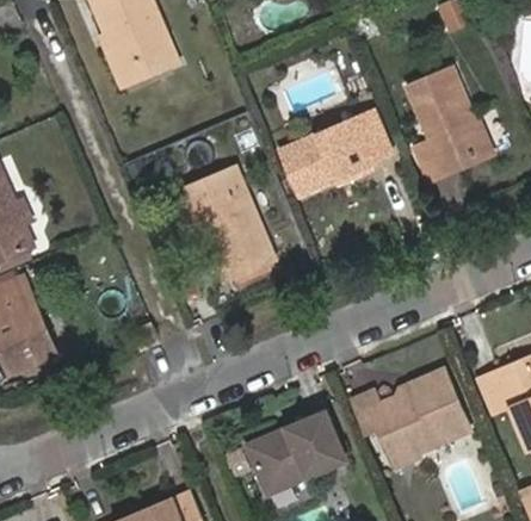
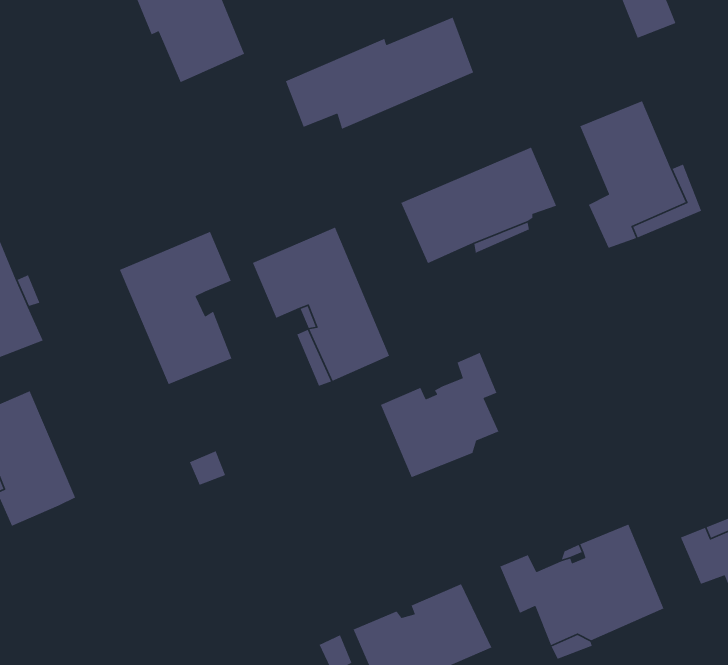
building: none -> [285,17,474,130]
building: [103,29,179,81] -> none
building: none -> [119,231,232,385]
building: none -> [380,352,500,478]

